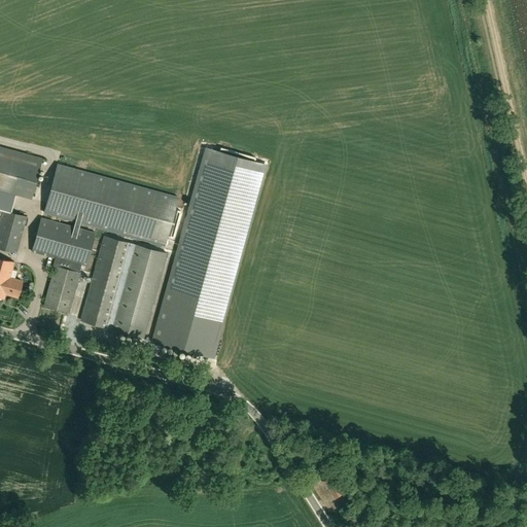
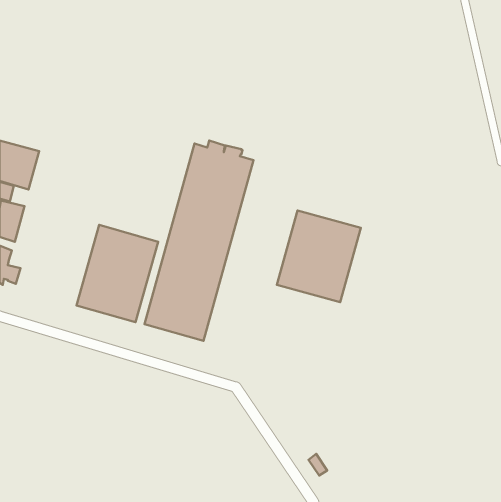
building: [31,165,177,312] -> none
building: none -> [277,210,361,302]

